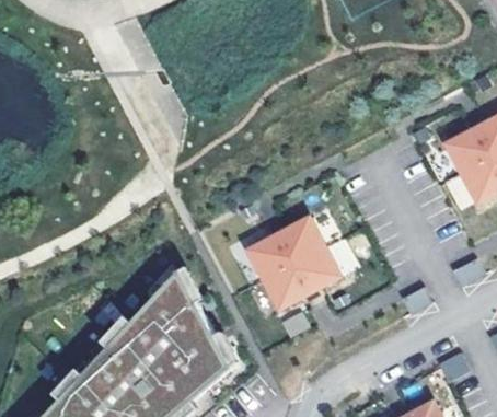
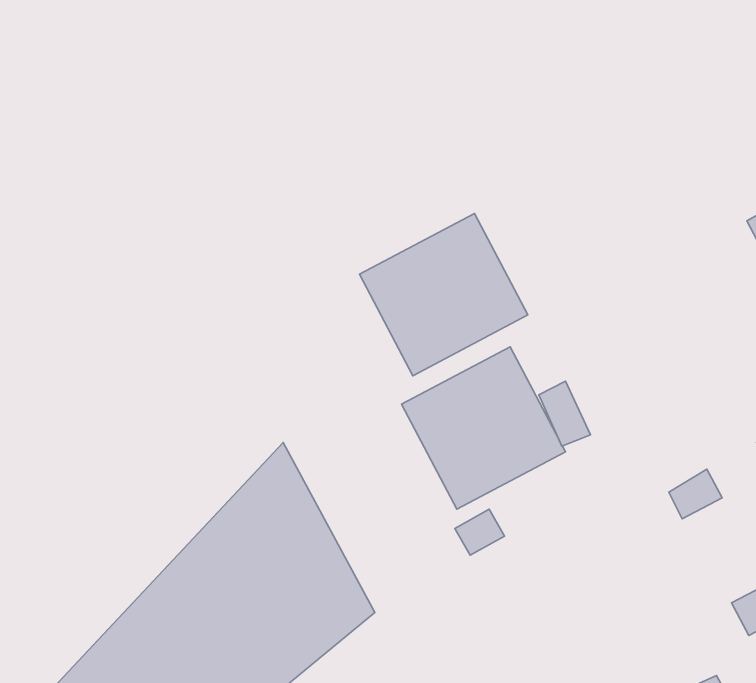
building: none -> [359,213,528,376]

